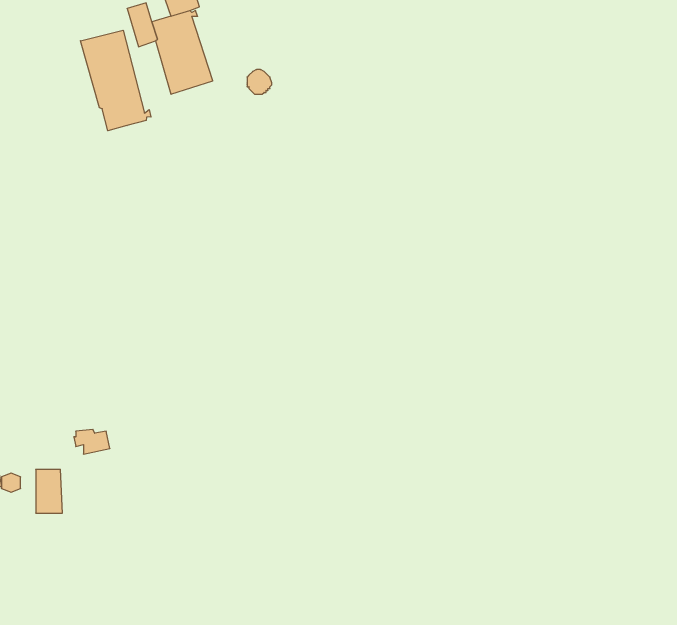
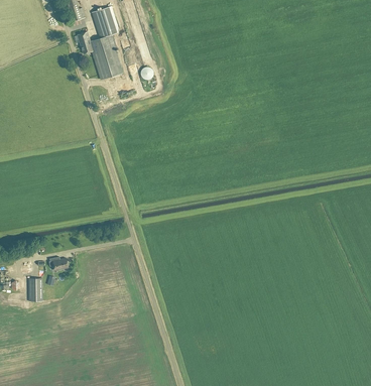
building: [80,30,151,131] -> none

